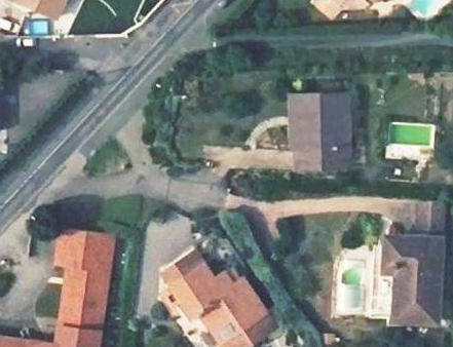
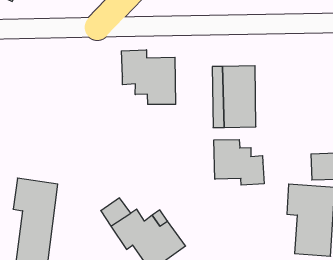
building: none -> [121,50,176,104]
building: none -> [214,140,264,185]

